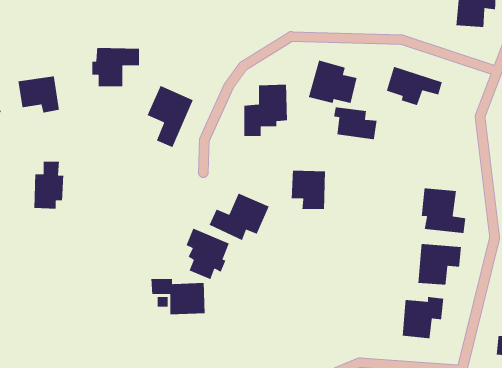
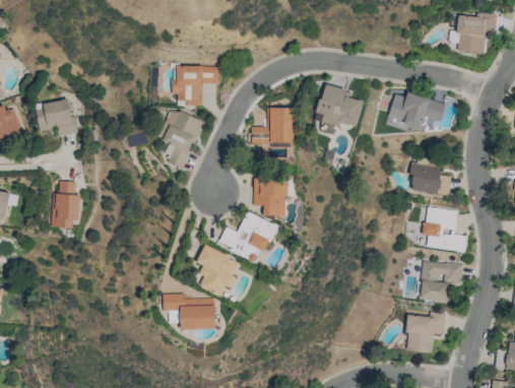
building: [91,47,140,87] -> [172,65,218,104]
building: [333,106,378,140] -> [408,163,451,195]
building: [291,170,326,210] -> [253,177,286,215]

